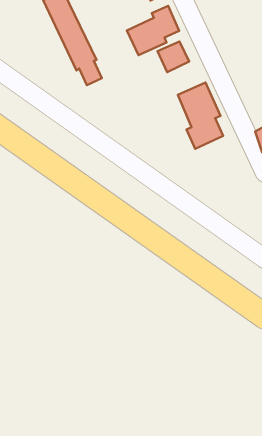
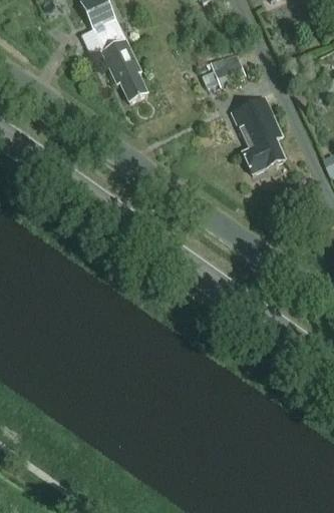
building: [127,6,179,55] -> none

